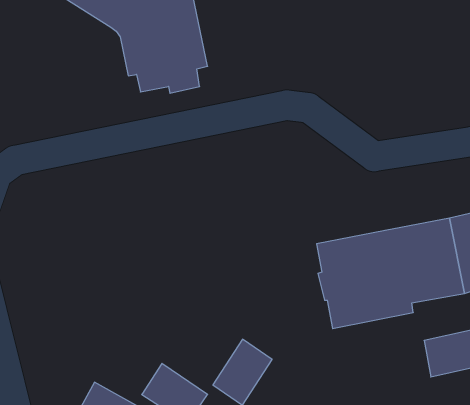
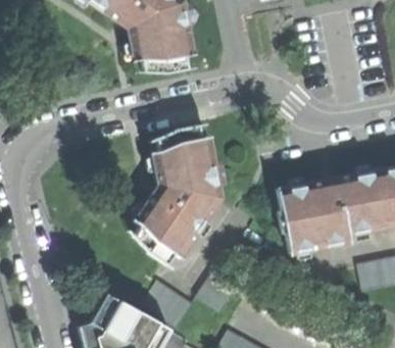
building: none -> [132,122,224,264]

